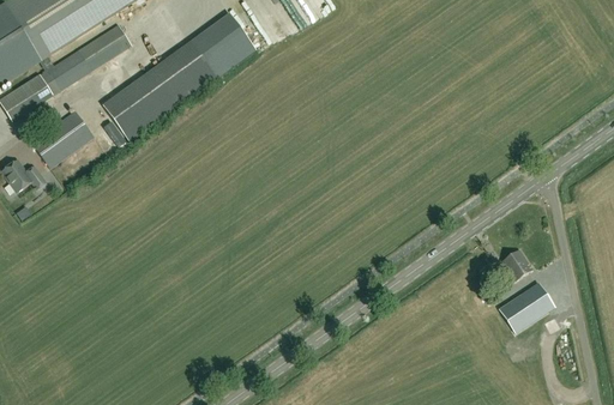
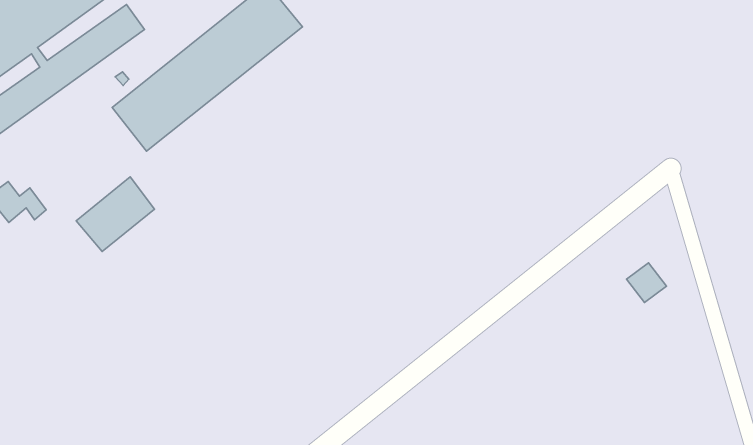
building: [31,109,94,167] -> [76,177,155,252]
building: [499,283,554,332] -> none

